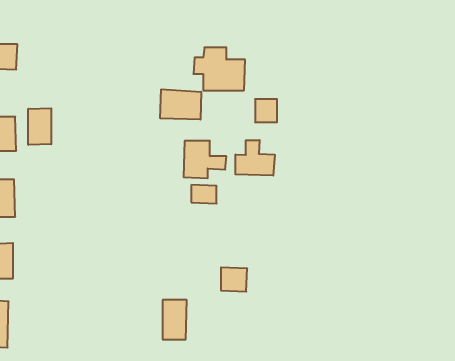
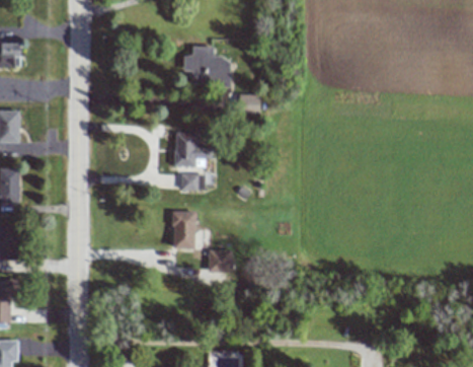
building: [160,89,201,120] -> none
building: [28,108,51,145] -> none
building: [235,140,275,176] -> none
building: [163,300,187,339] -> [172,212,194,248]

